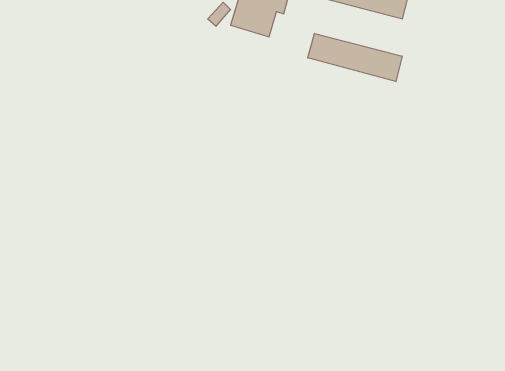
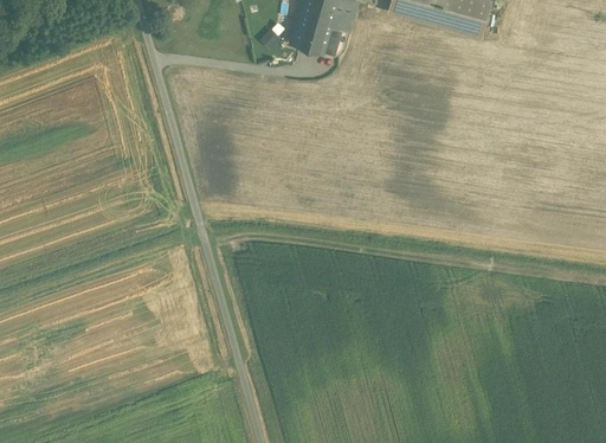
building: [308,33,402,82] -> none

